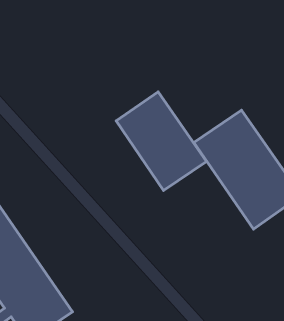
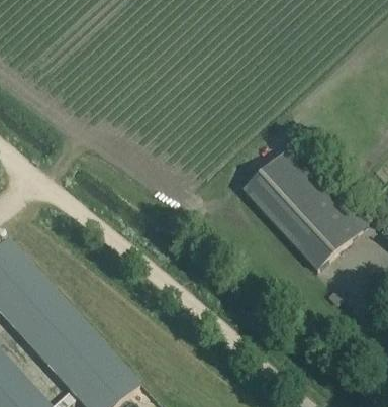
building: [116,92,206,191] -> none

